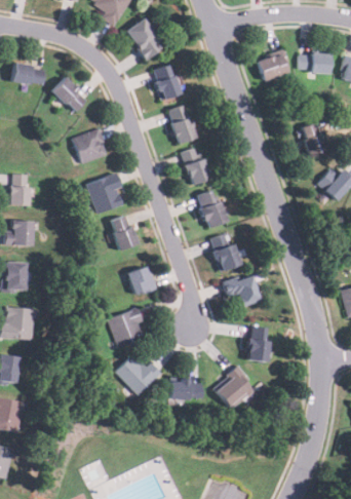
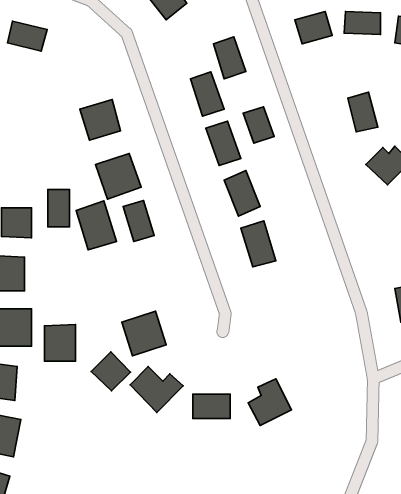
building: [152,65,180,101] -> [213,37,246,79]
building: [51,77,87,113] -> none
building: none -> [243,107,274,143]
building: [10,175,29,206] -> [48,189,70,227]
building: none -> [76,201,116,250]
building: [126,265,156,296] -> none
building: [223,274,260,306] -> none
building: none -> [44,324,75,361]
building: [248,328,268,361] -> none
building: none -> [91,352,131,391]

